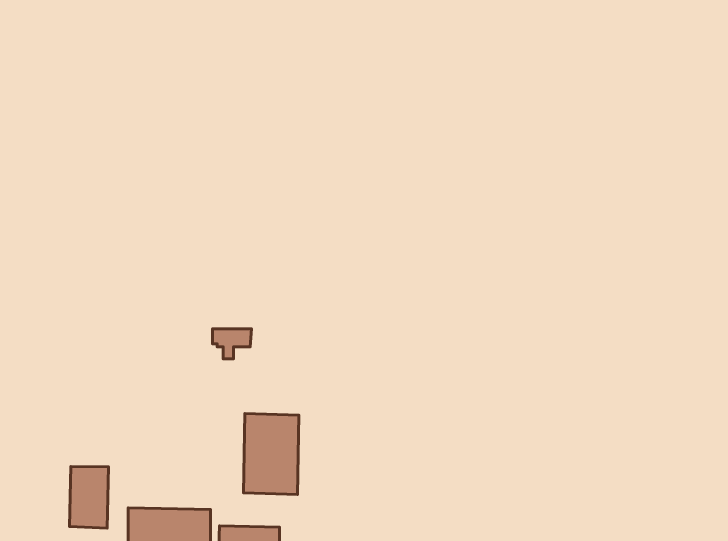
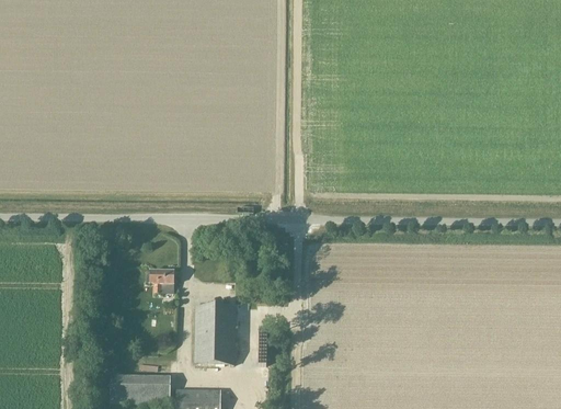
building: [213,329,252,359] -> [147,270,175,292]
building: [70,467,108,528] -> none

